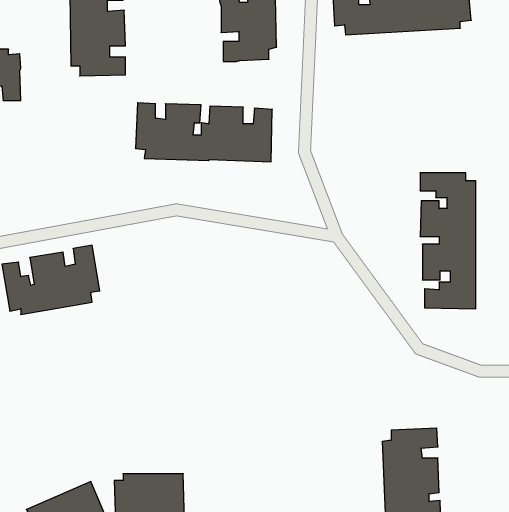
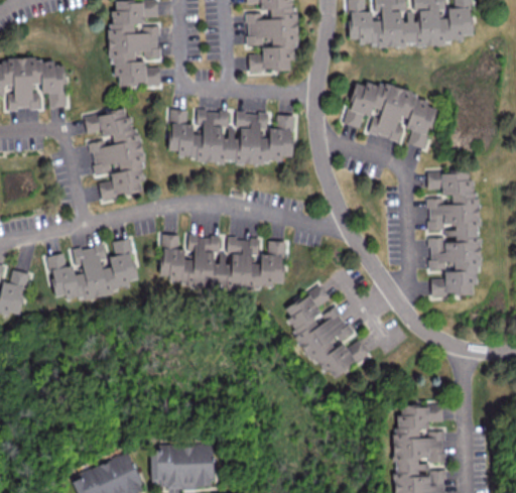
building: none -> [344,81,436,148]
building: none -> [84,109,146,199]
building: none -> [160,234,285,289]
building: none -> [282,285,369,376]

